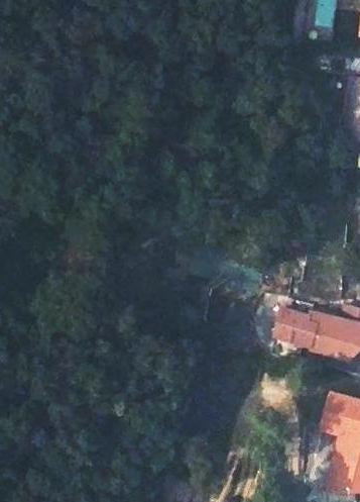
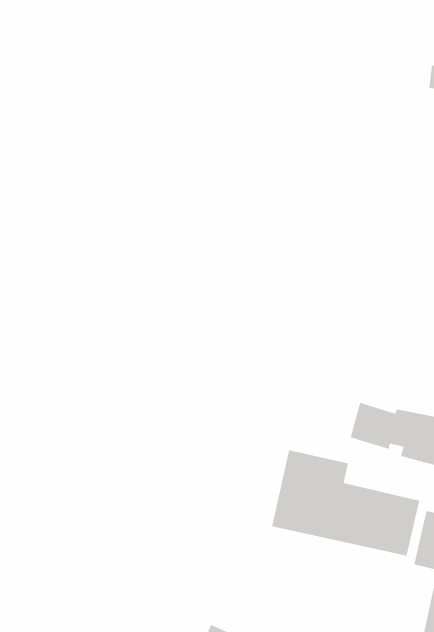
building: none -> [271,450,420,557]

